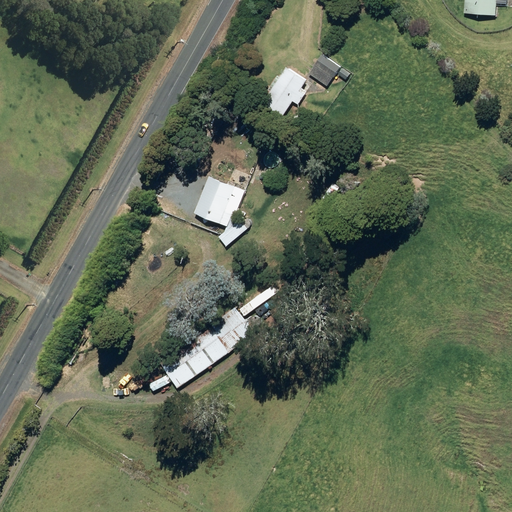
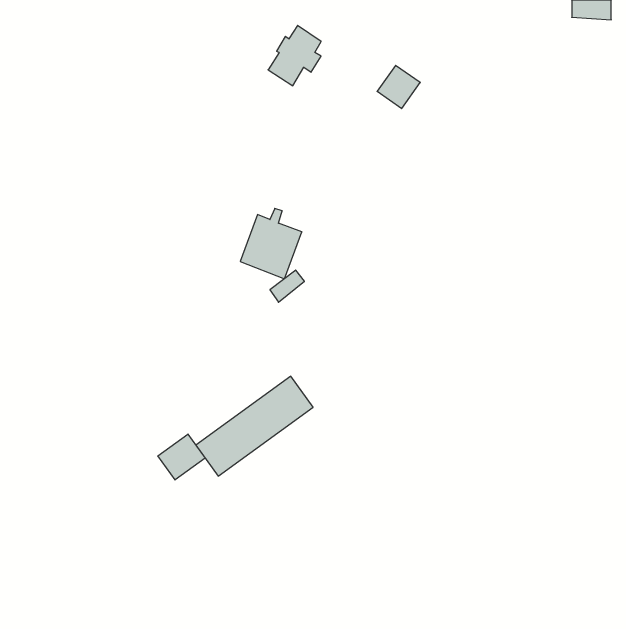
building: [263,66,306,115] -> [268,25,321,86]
building: none -> [158,434,205,480]

